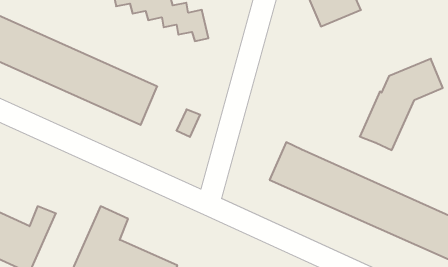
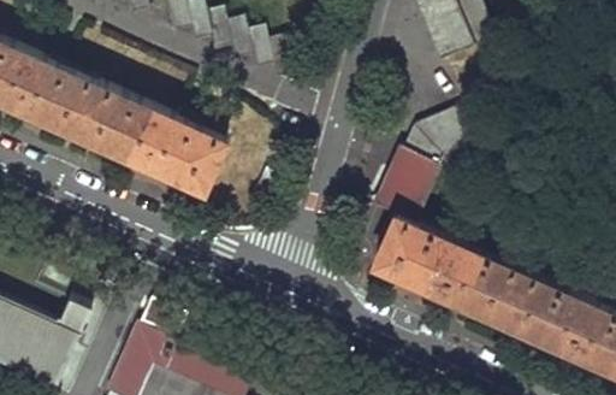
building: [360,59,443,150] -> [371,106,480,226]

